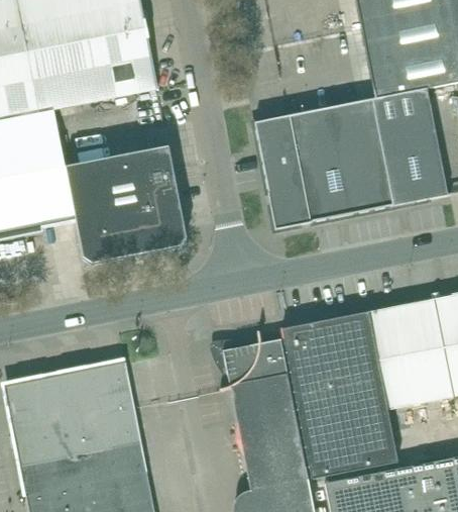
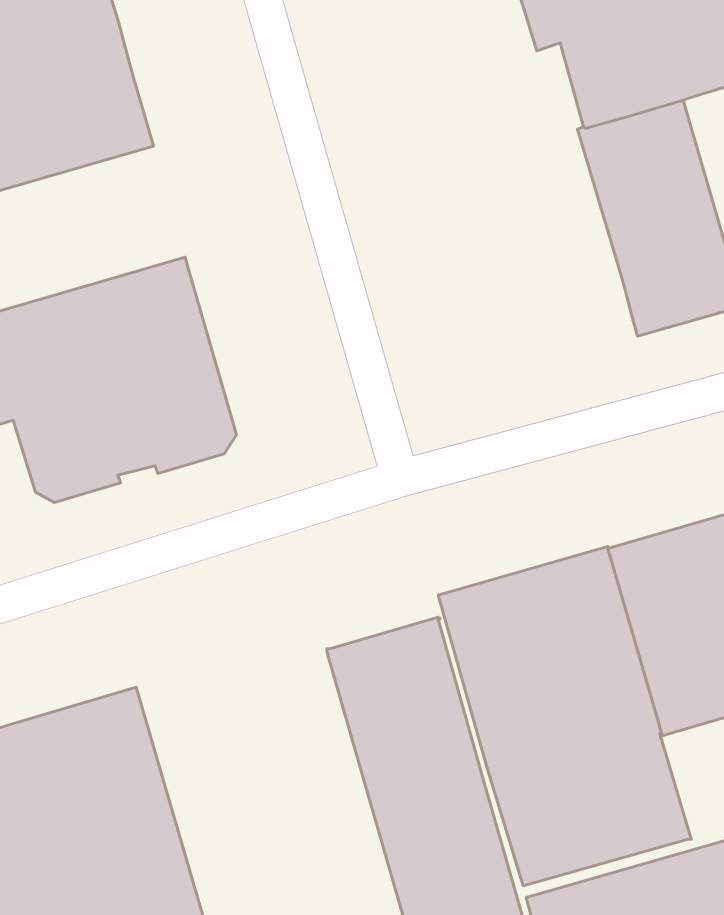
building: [253,99,392,229] -> none

